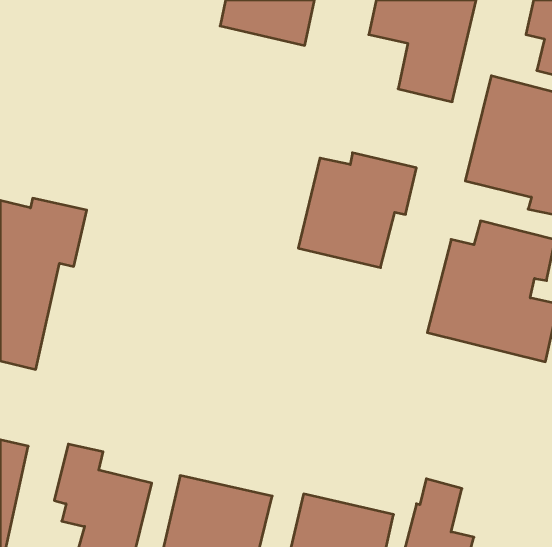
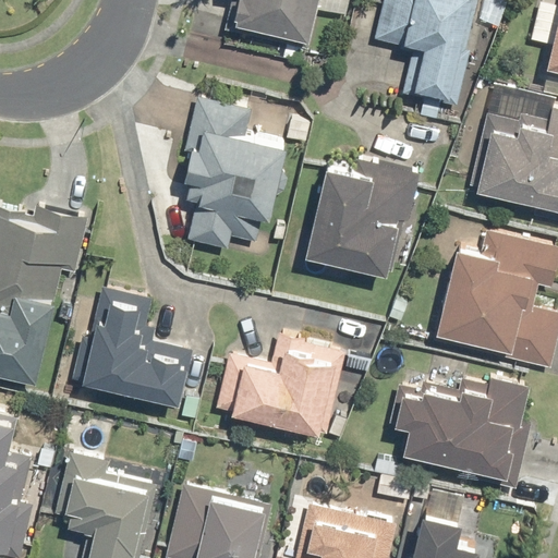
building: none -> [178,97,286,248]
building: none -> [71,287,194,405]
building: none -> [215,332,349,437]
building: none -> [388,376,533,490]

